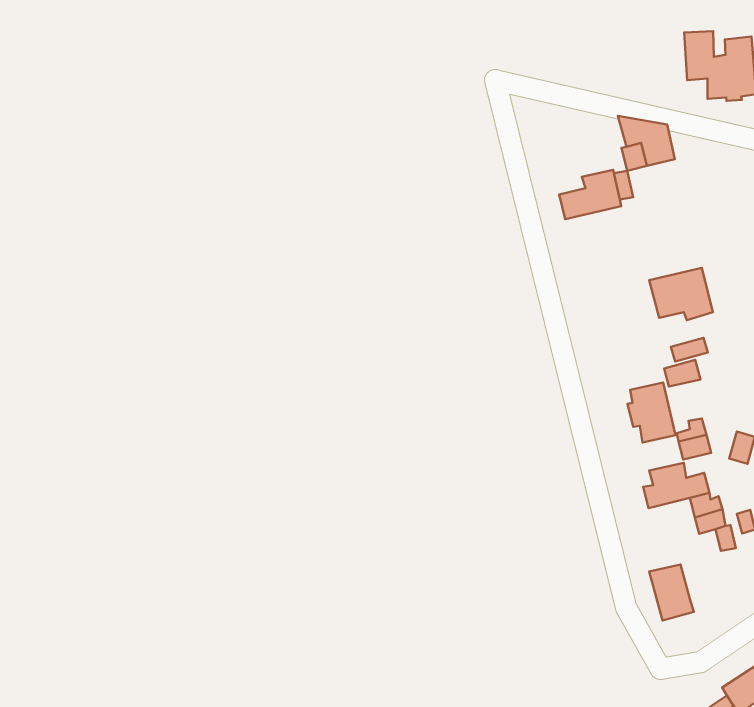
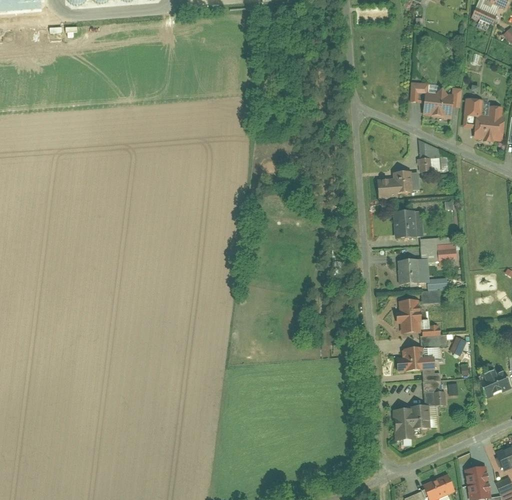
building: none -> [410,82,461,117]
building: none -> [392,210,423,237]
building: none -> [398,258,419,284]
building: none -> [411,403,430,428]

